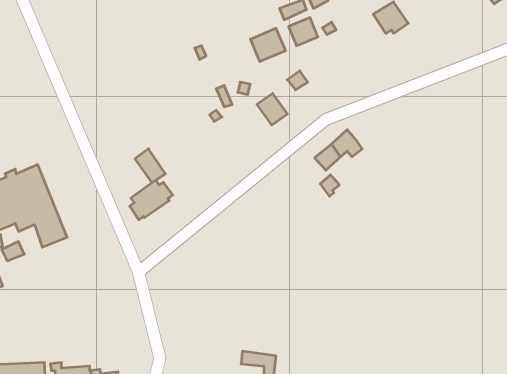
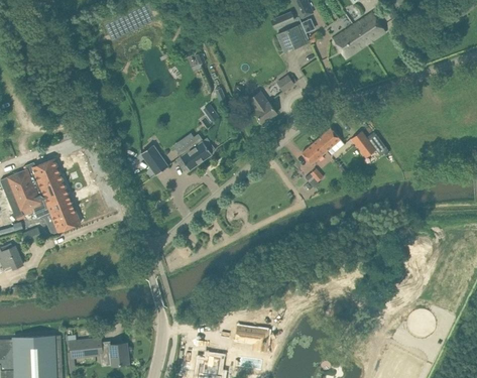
building: none -> [332,24,366,58]
building: [250,28,285,62] -> none
building: none -> [351,131,387,157]
building: [130,180,173,220] -> [175,136,214,171]

